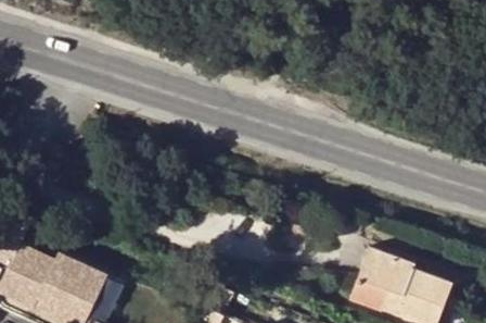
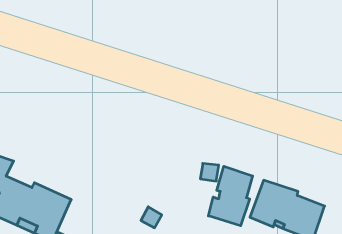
building: none -> [208,166,253,226]

